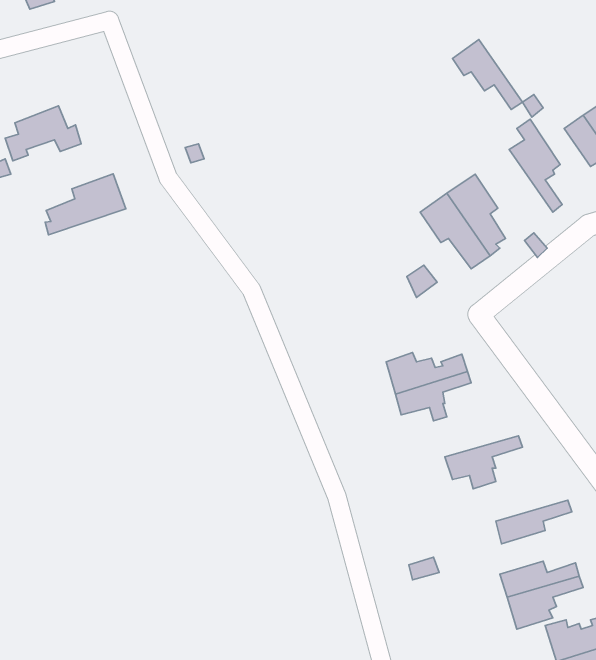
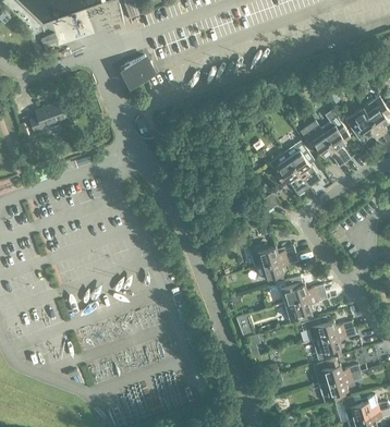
building: none -> [118,56,155,89]
building: [452,39,522,110] -> [304,126,344,167]
building: [45,174,126,235] -> none
building: none -> [278,283,325,303]
building: none -> [300,316,353,340]

